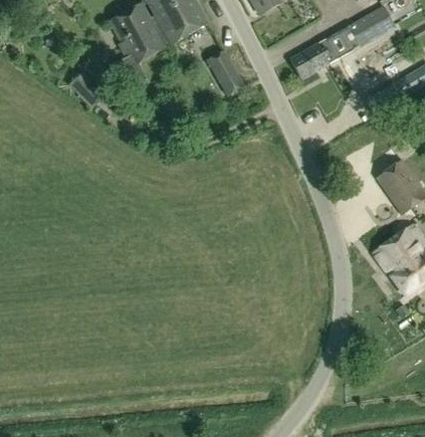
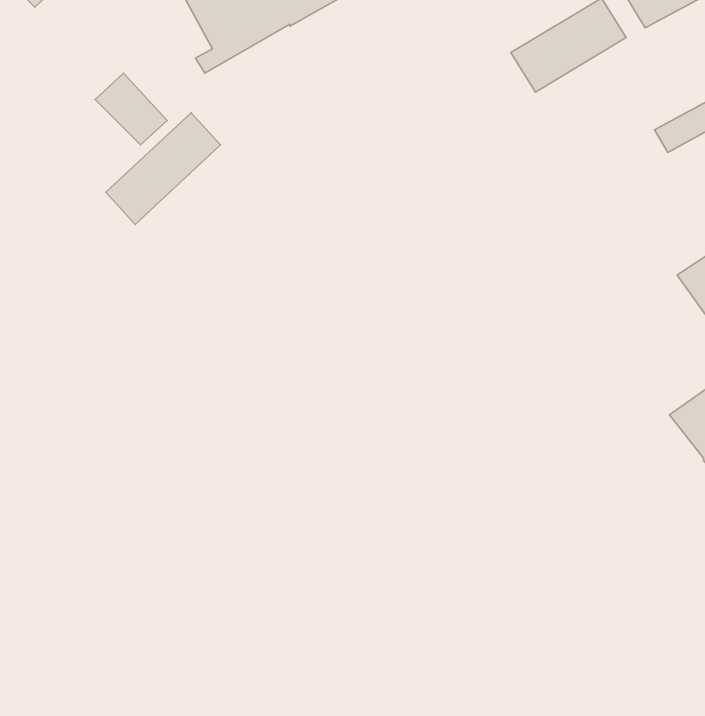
building: [209,51,245,95] -> none
building: none -> [106,113,220,224]

